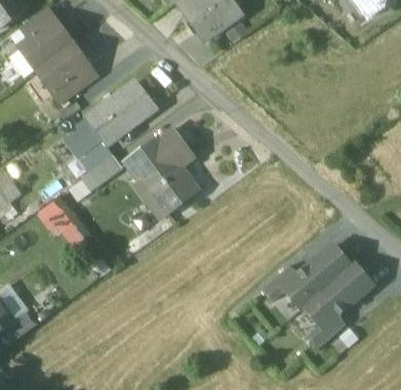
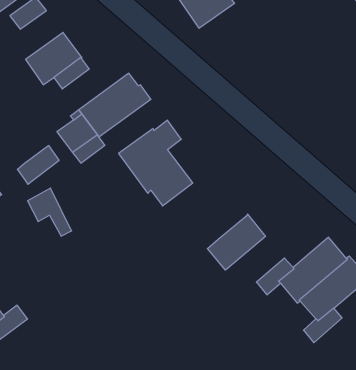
building: [18,20,72,69] -> none
building: [82,153,123,191] -> [17,146,59,184]
building: none -> [207,214,265,270]

